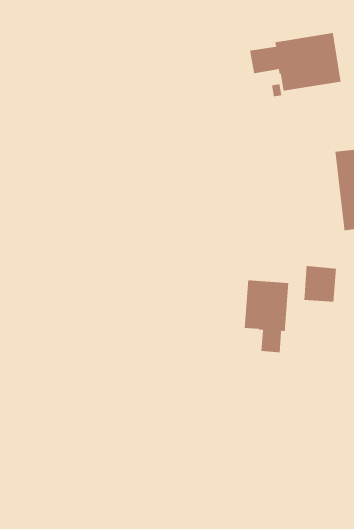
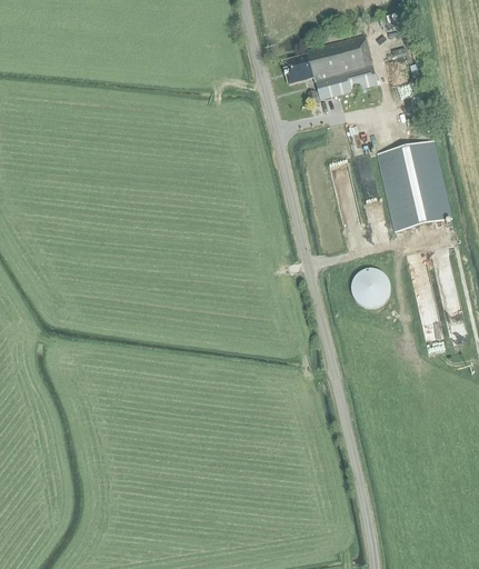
building: [244,279,289,353] -> none

